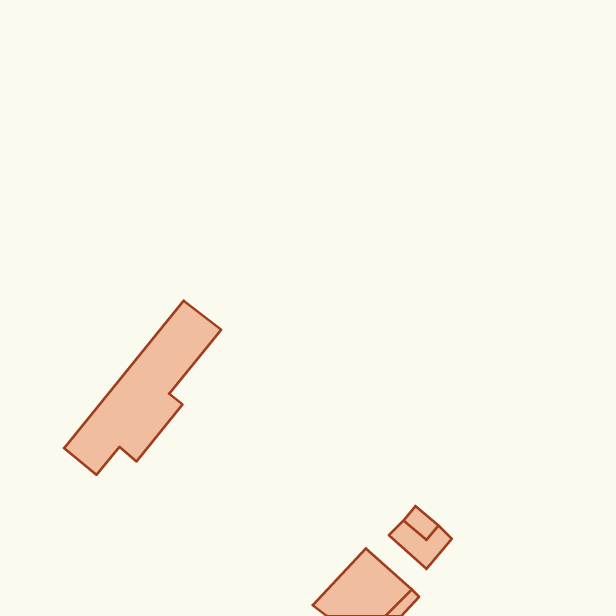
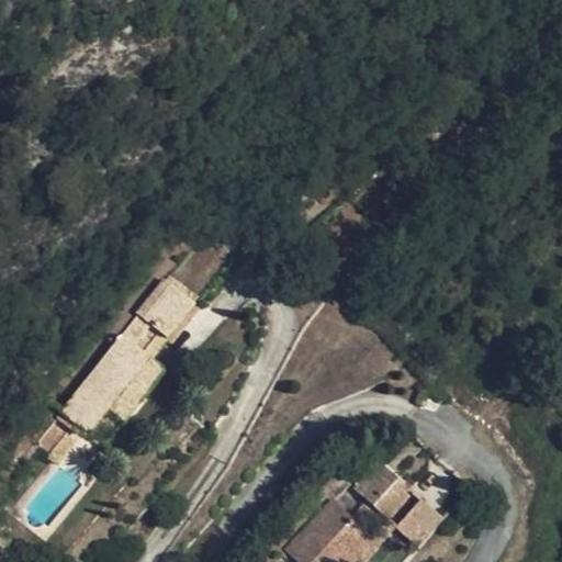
building: none -> [395,497,442,547]

